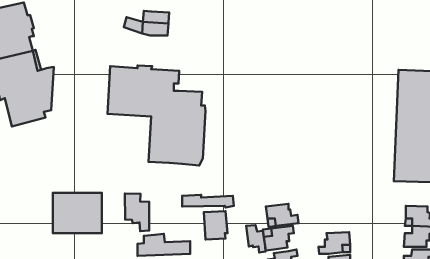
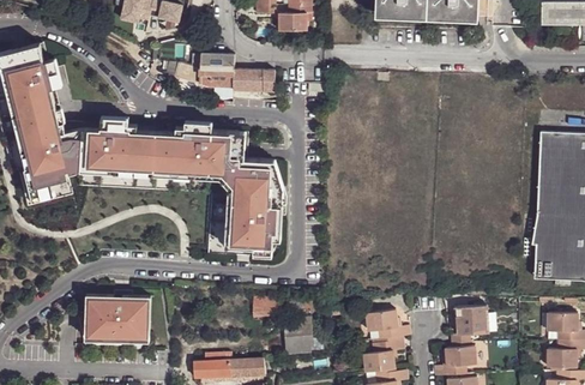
building: none -> [234,70,276,91]
building: none -> [80,120,158,190]
building: [125,193,149,231] -> none
building: none -> [450,305,486,343]
building: [246,225,266,252] -> none

